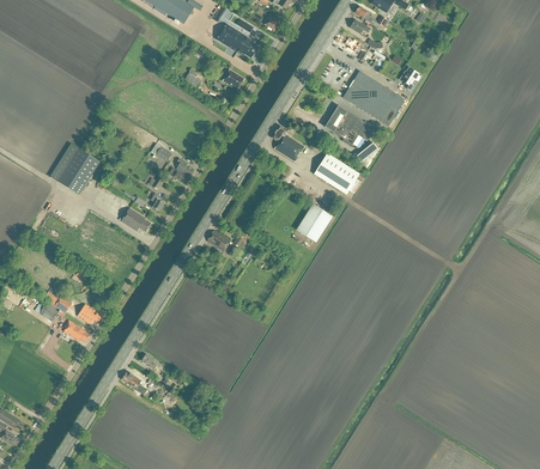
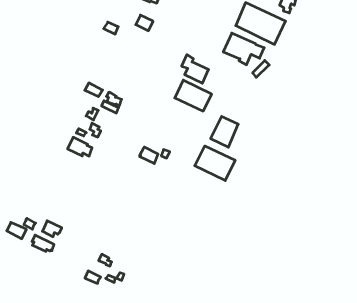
building: [56,147,98,194] -> none
building: [313,152,358,193] -> [175,80,212,111]
building: none -> [195,146,235,181]

